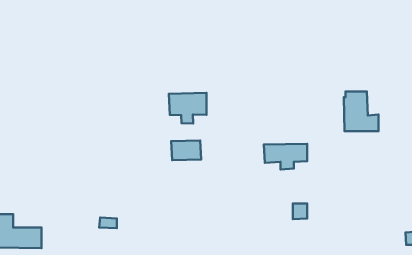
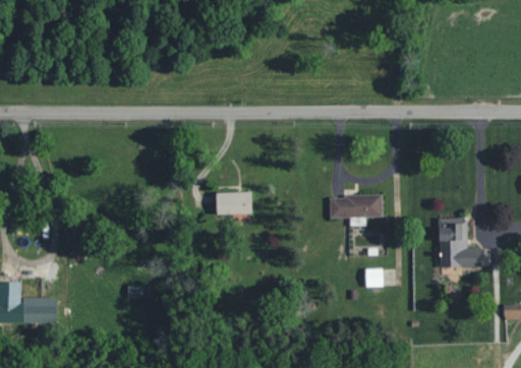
building: [344,91,378,131] -> [439,219,481,267]
building: [169,93,207,124] -> none

